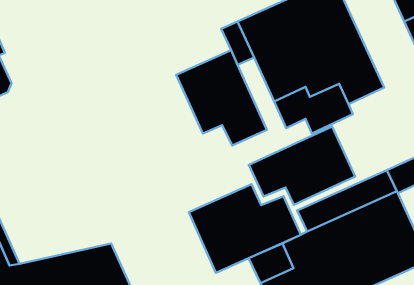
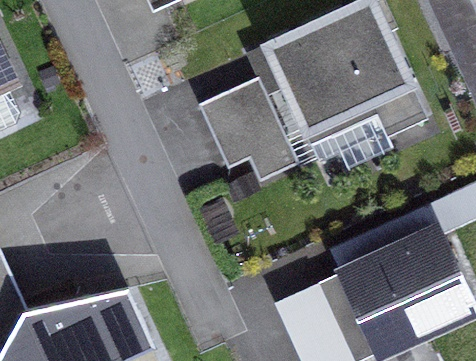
building: [249,126,355,205] -> none
building: [189,184,301,273] -> none

